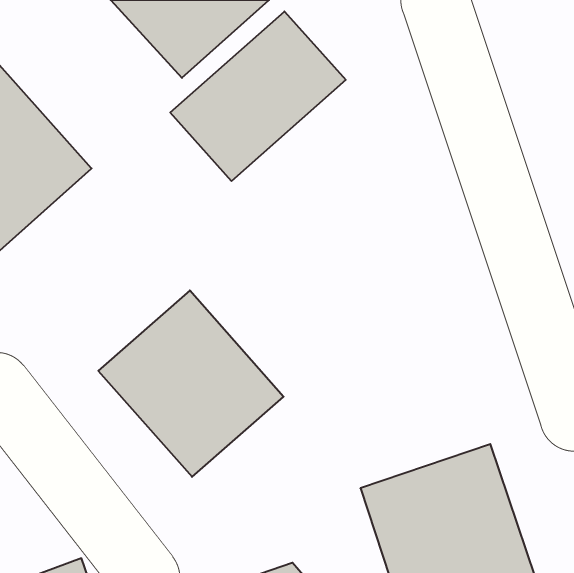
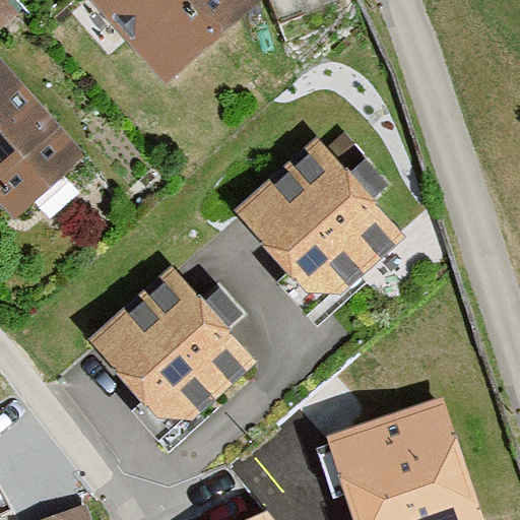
building: [170,11,346,181] -> none
building: none -> [236,137,402,305]

